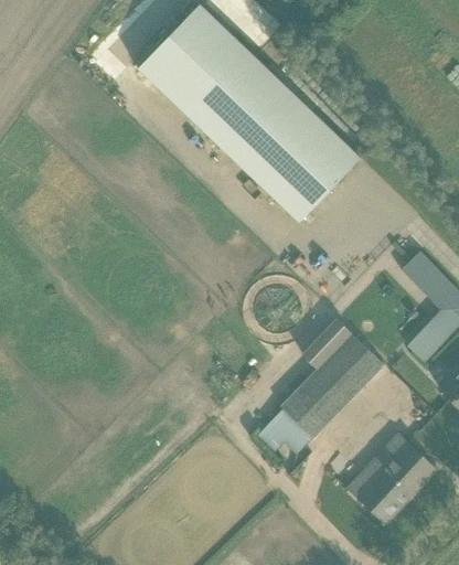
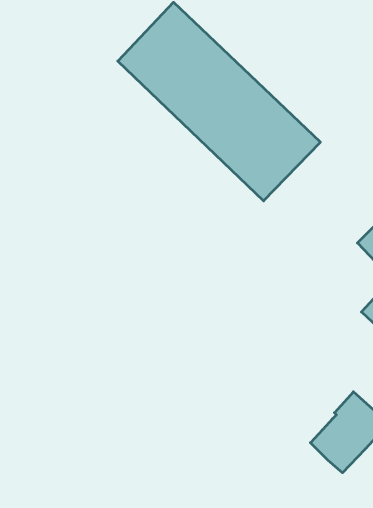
building: [265,318,384,452] -> none

